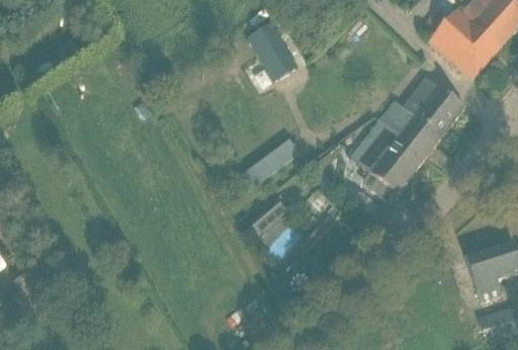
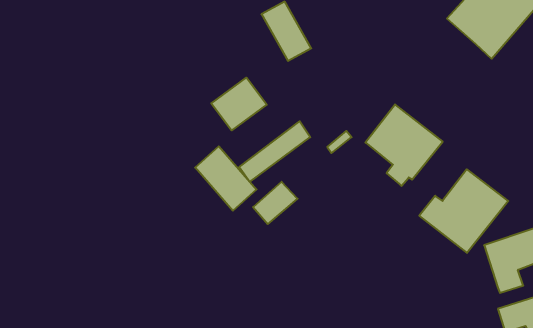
building: [379,76,464,156] -> [419,169,508,253]
building: none -> [211,78,267,130]
building: none -> [195,146,257,211]

